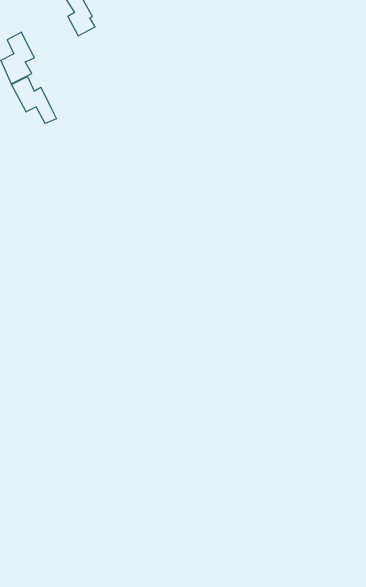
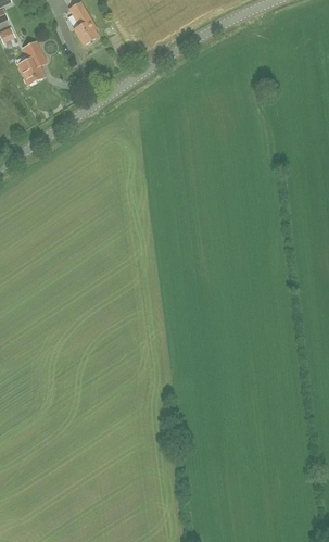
building: [12,77,56,124] -> none

